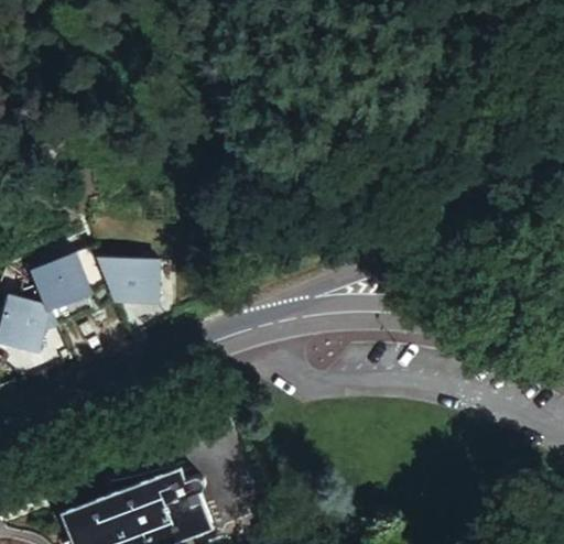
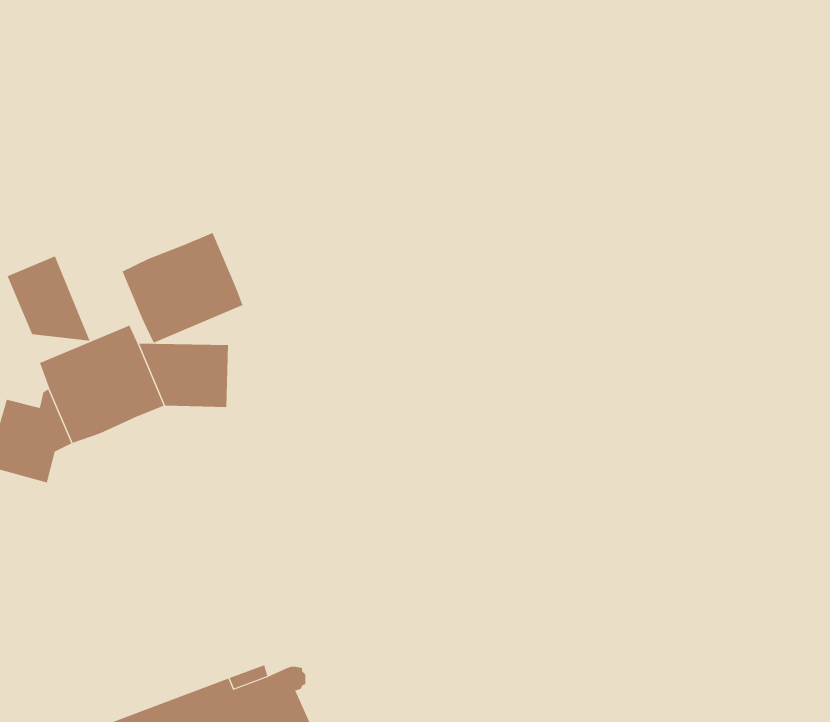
building: none -> [122,232,243,343]
building: none -> [7,255,91,341]

